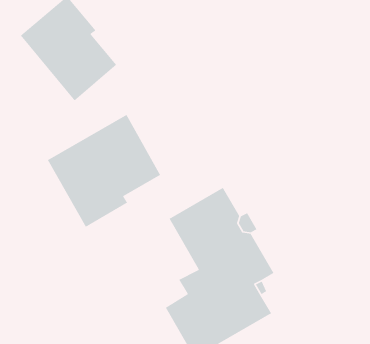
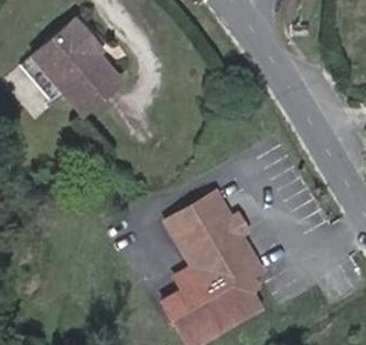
building: [47,114,161,228] -> none

